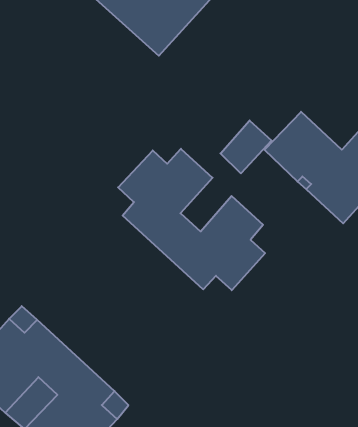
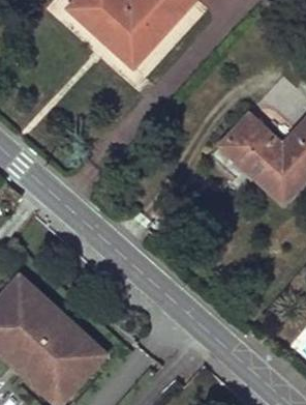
building: [220,120,271,173] -> none
building: [118,149,265,290] -> none

